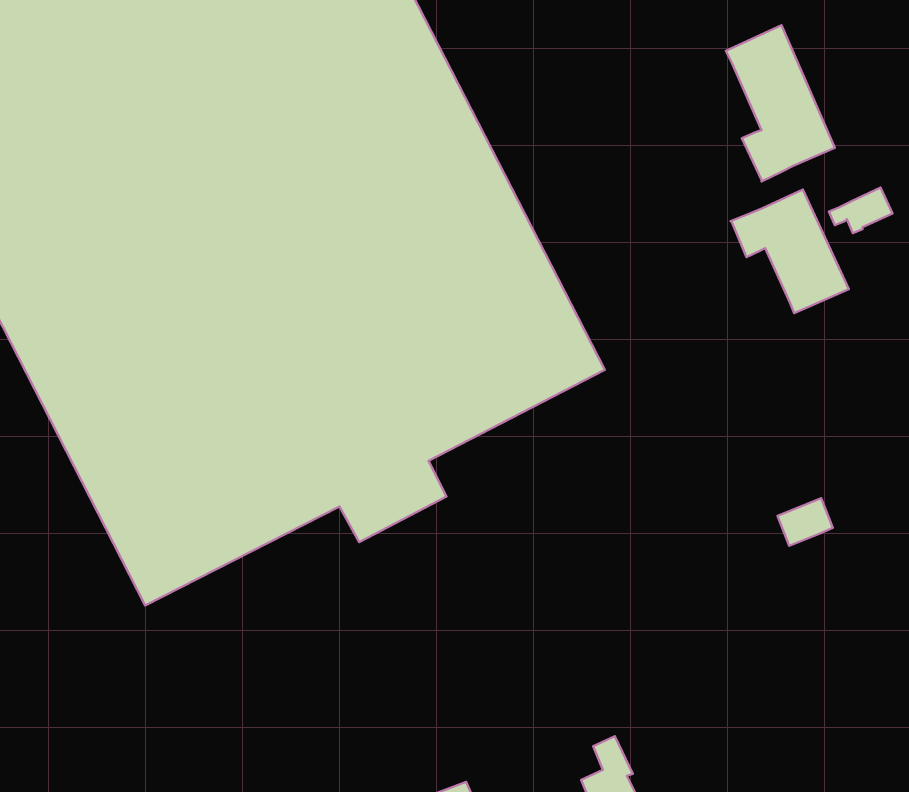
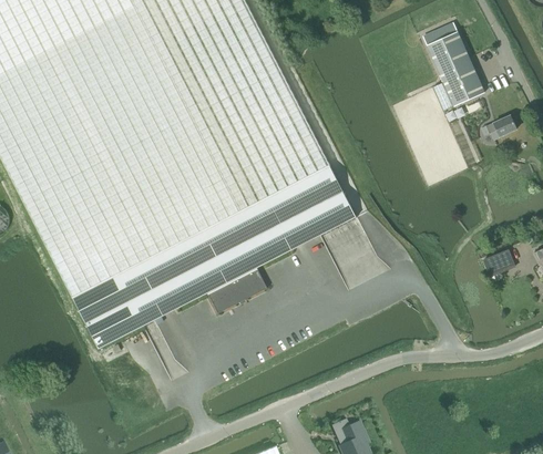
building: [731,189,849,313] -> none
building: [777,498,833,546] -> [482,248,513,275]

